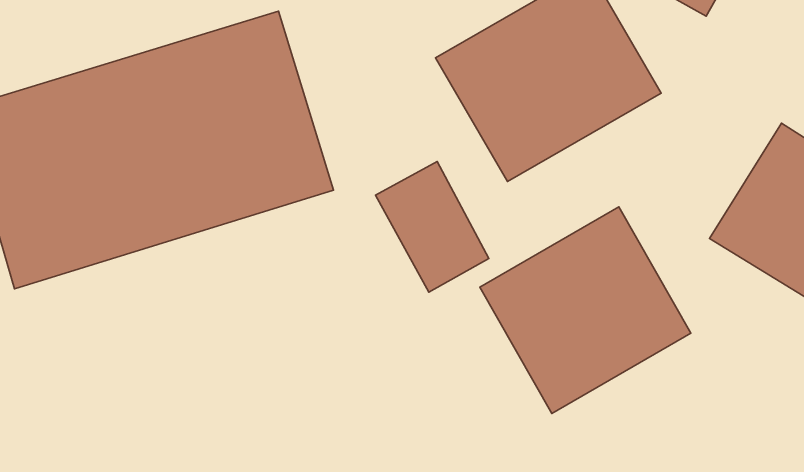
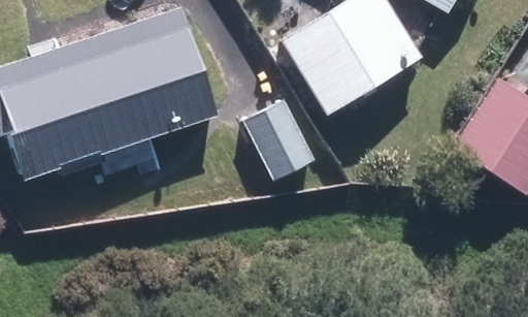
building: [480,207,691,413] -> none

